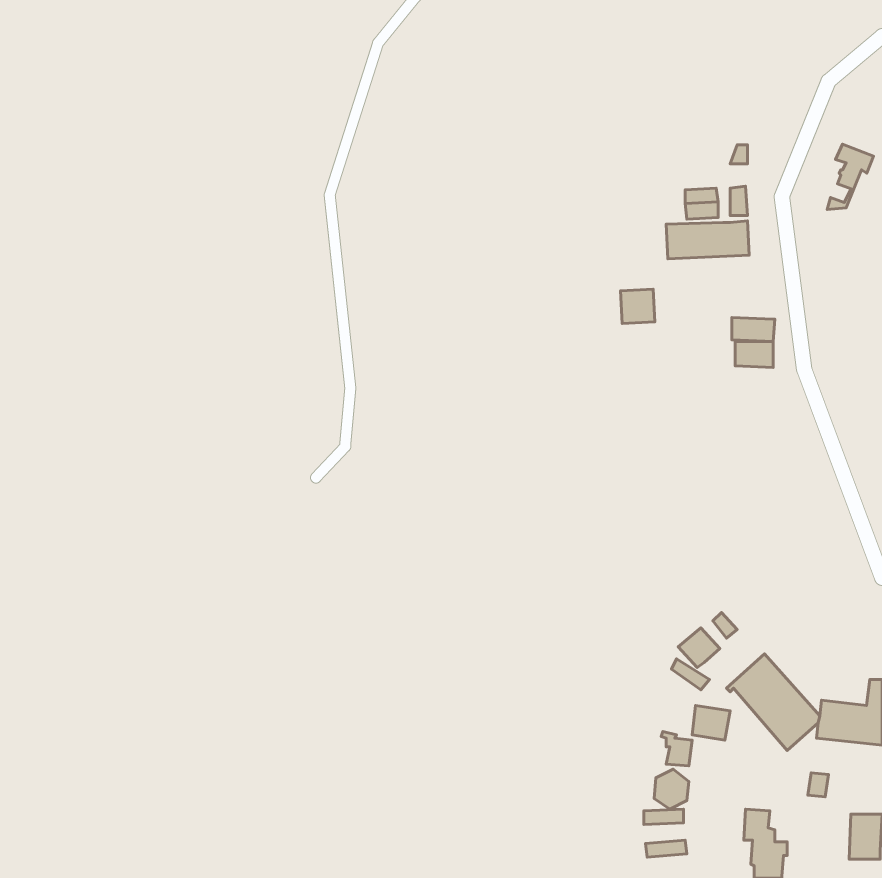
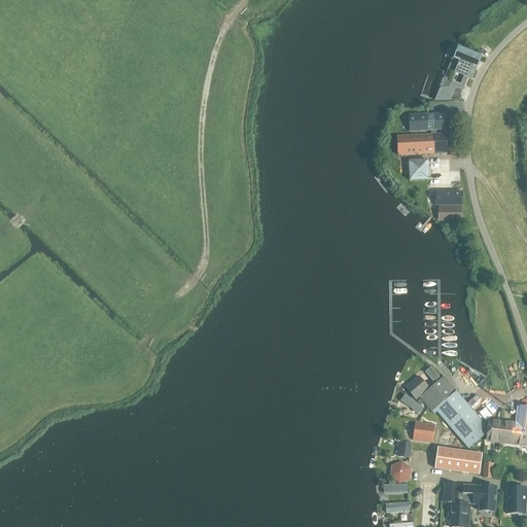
building: [827,144,874,210] -> [452,48,480,87]
building: [620,289,655,324] -> [409,159,429,179]
building: none -> [420,375,456,411]
building: none -> [435,447,482,473]
building: none -> [462,484,496,511]

